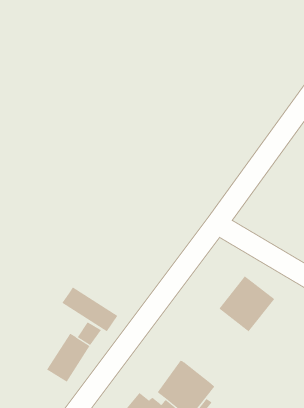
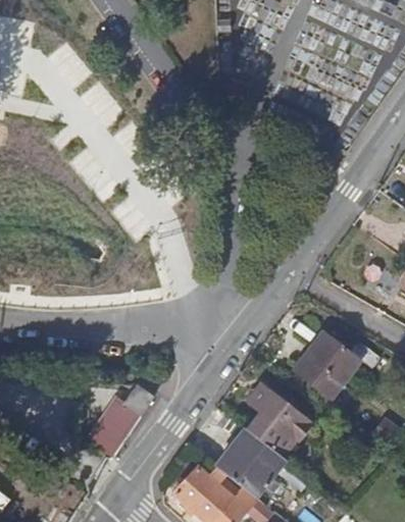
building: [62,287,118,332] -> none
building: none -> [249,387,312,458]

